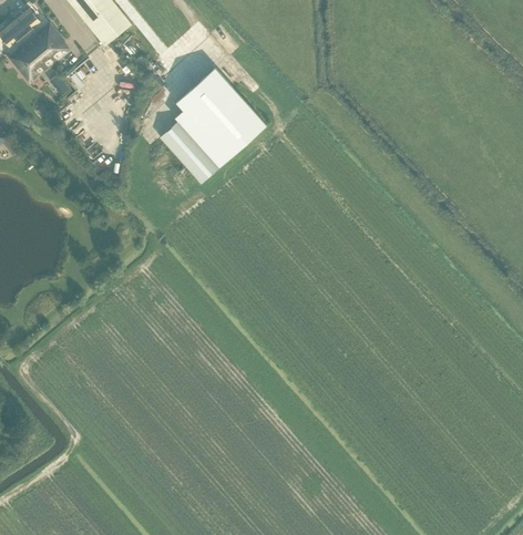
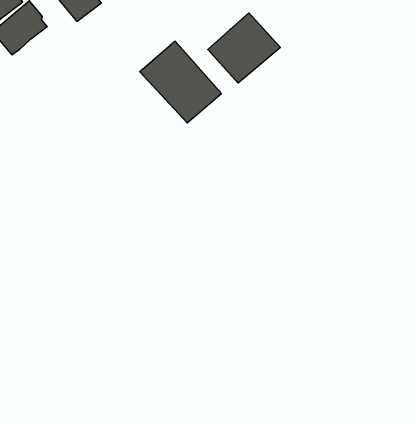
building: none -> [208,13,280,83]
building: [158,120,219,183] -> none

